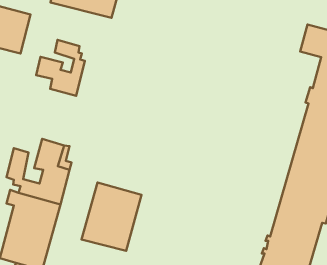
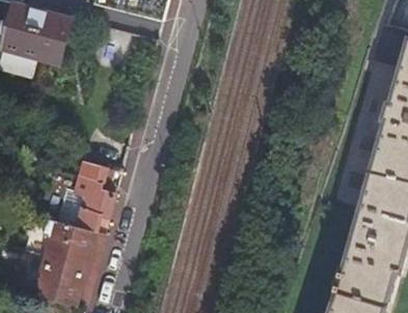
building: [36,40,85,96] -> none
building: [82,183,141,251] -> none

